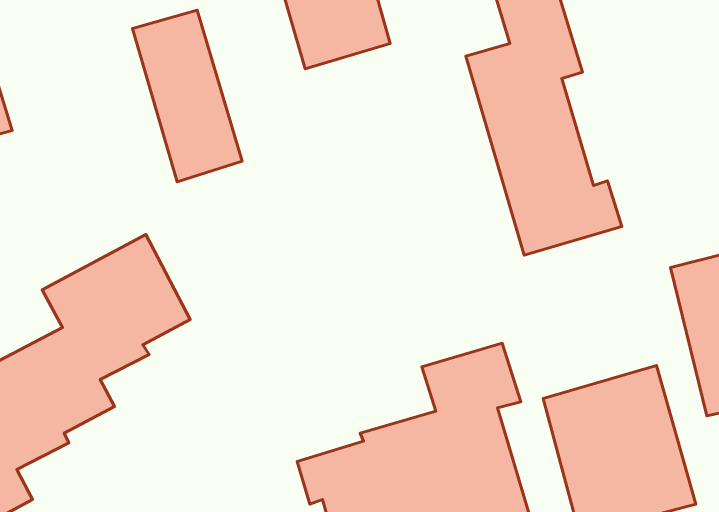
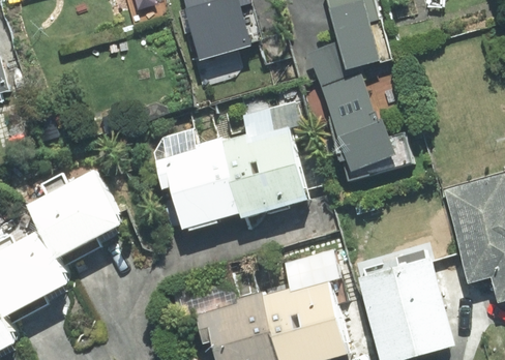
building: [133,10,242,182] -> none
building: none -> [146,99,309,229]

